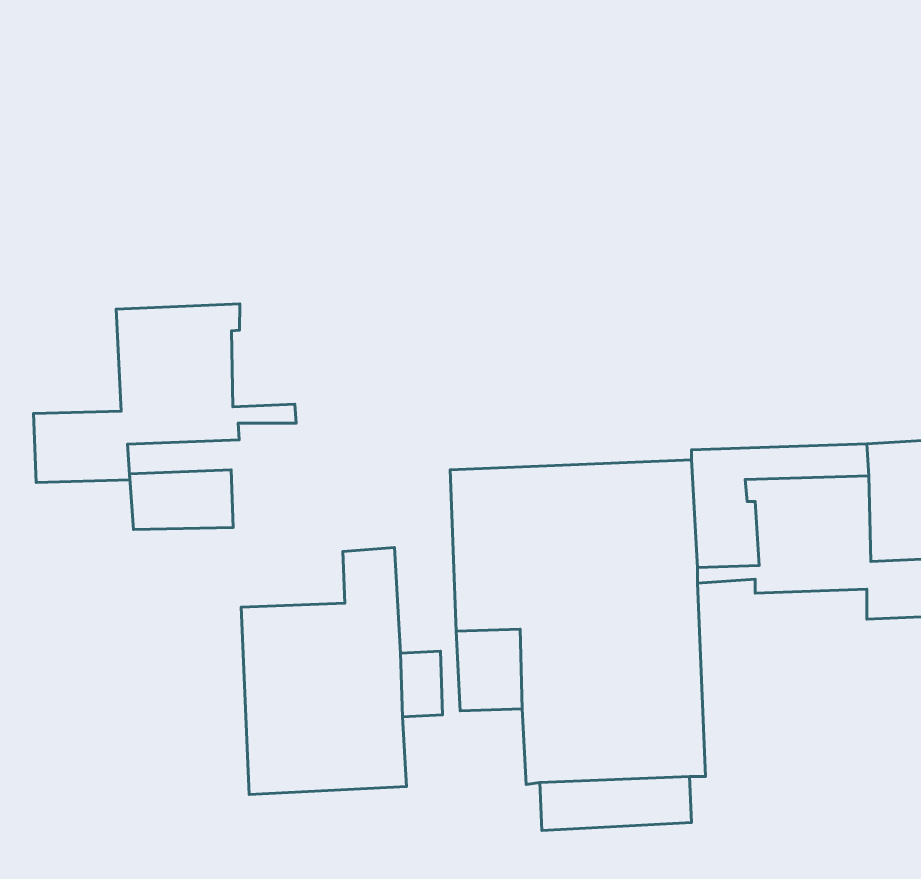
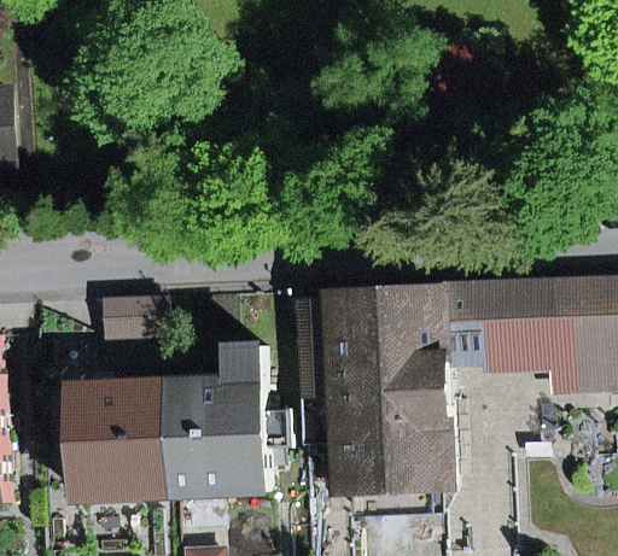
building: [33,304,296,483] -> none
building: none -> [74,379,173,496]

